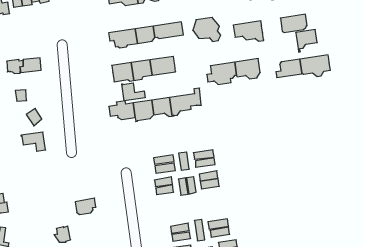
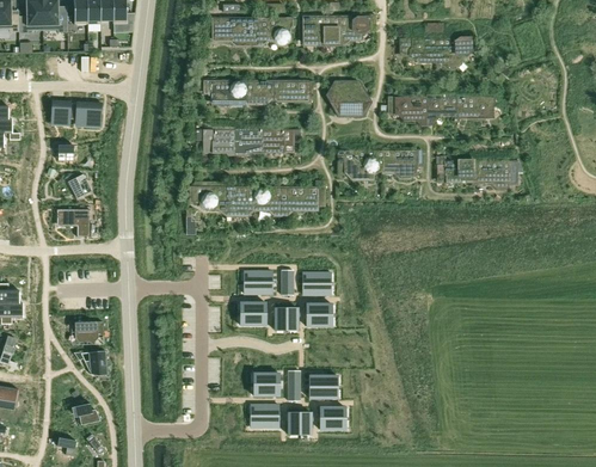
building: [296,30,317,52] -> [428,97,456,125]
building: [122,83,145,101] -> none
building: [75,198,96,214] -> [74,321,103,342]

